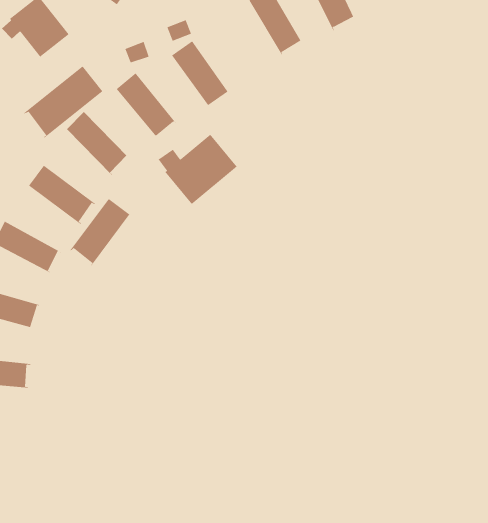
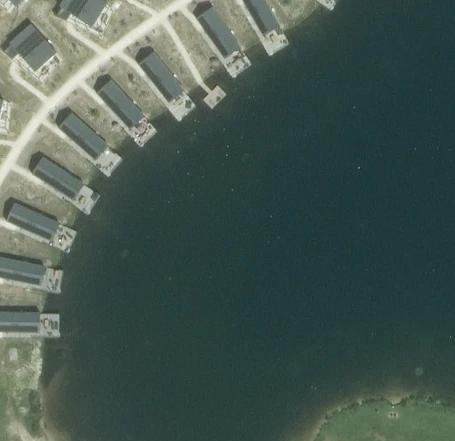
building: [24,66,103,138] -> none
building: [158,134,237,205] -> none
building: [70,198,130,266] -> none

